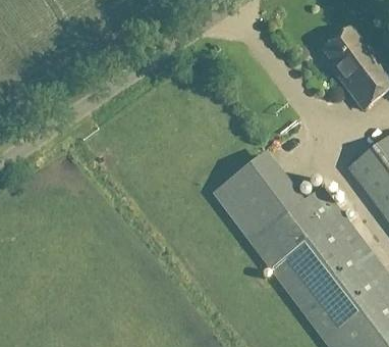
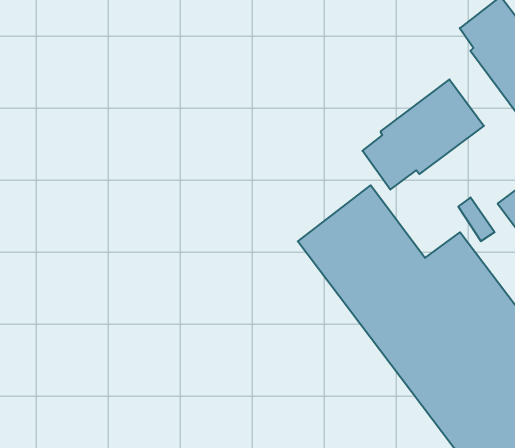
building: none -> [362,79,484,190]

